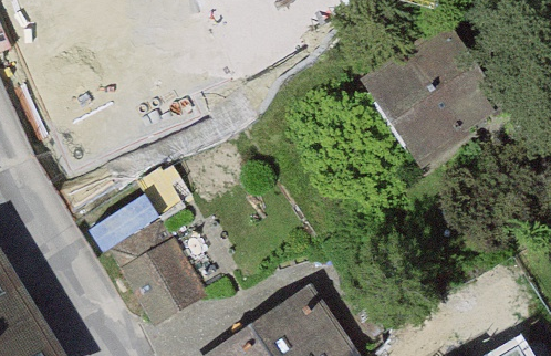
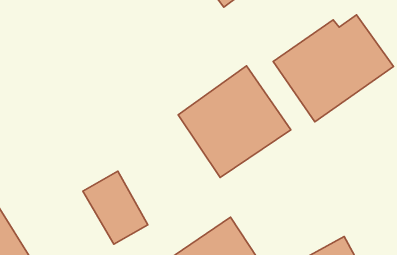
building: none -> [178,66,291,177]

